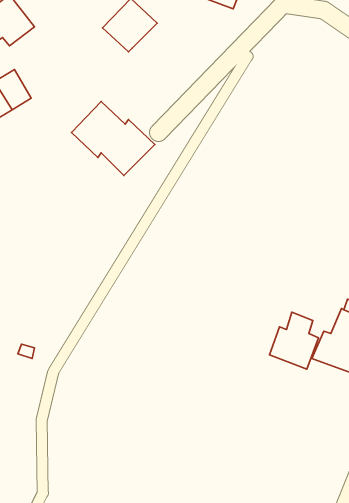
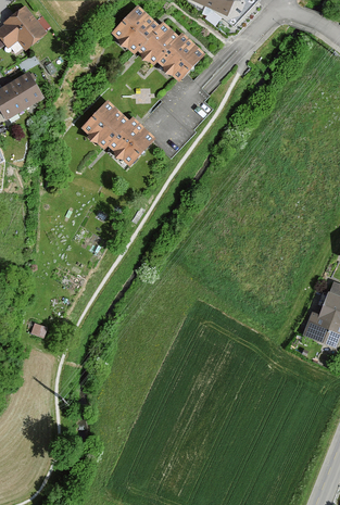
building: none -> [137,24,206,84]
building: [269,312,319,369] -> none

